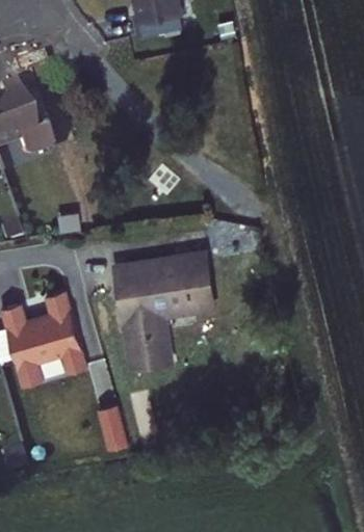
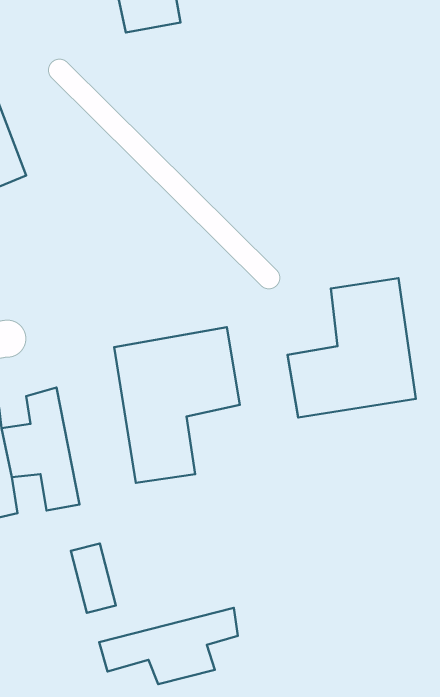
building: none -> [288,278,416,418]
building: none -> [99,608,238,684]

